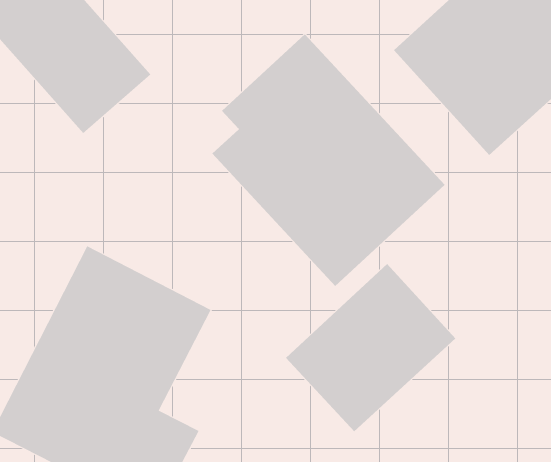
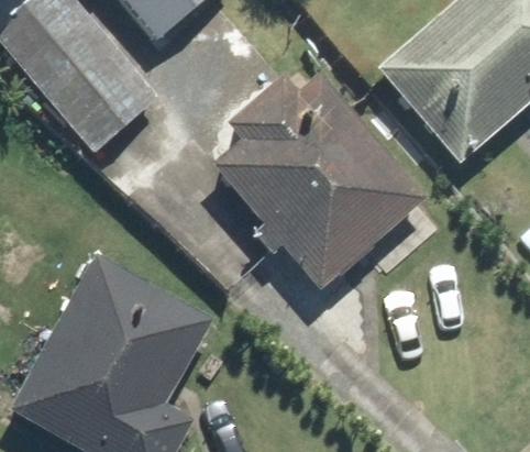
building: [285,263,456,432] -> none

